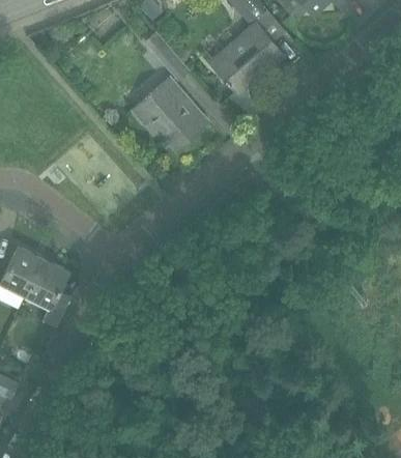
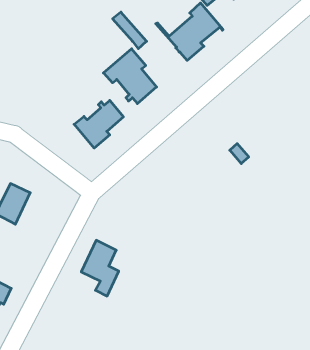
building: none -> [74,100,123,148]
building: [24,258,70,327] -> [81,240,119,296]

